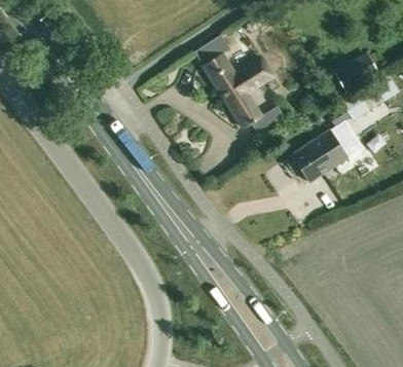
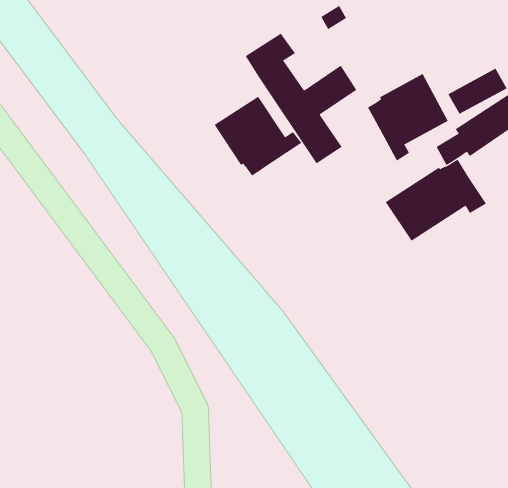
building: none -> [367,73,449,162]
building: none -> [214,96,302,177]

